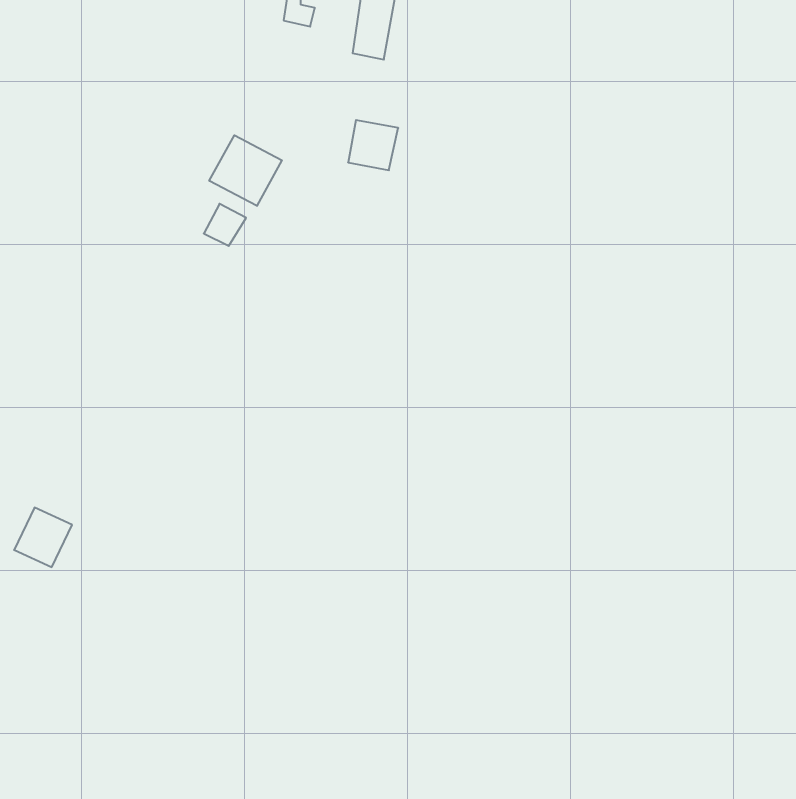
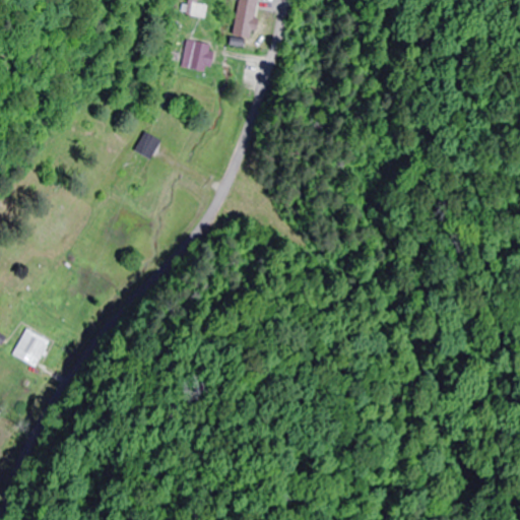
building: [348,120,398,170] -> [183,40,215,72]
building: [209,135,282,206] -> none

